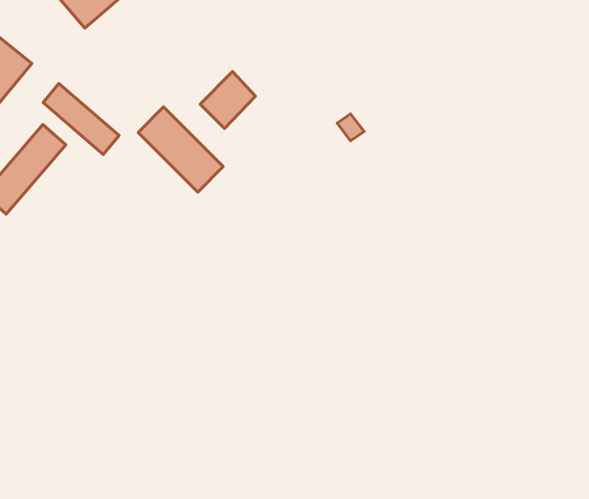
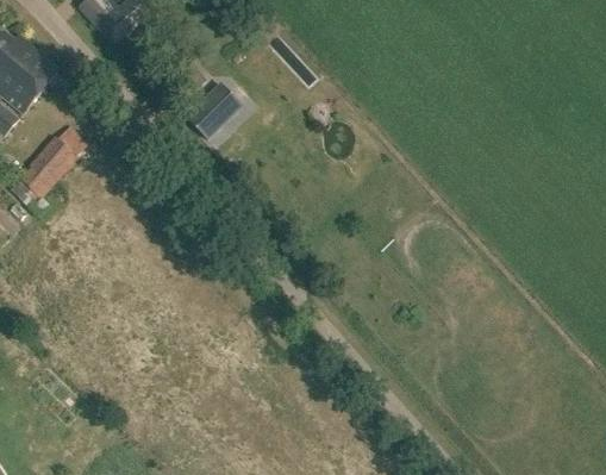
building: [43,84,119,155] -> none
building: [138,107,223,192] -> none

